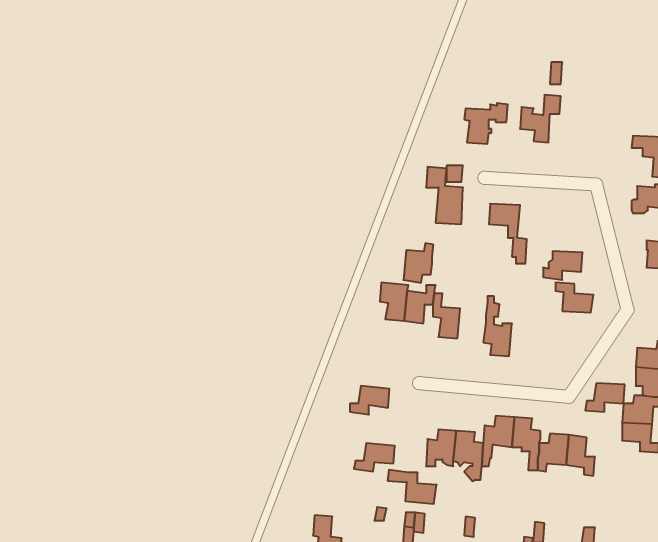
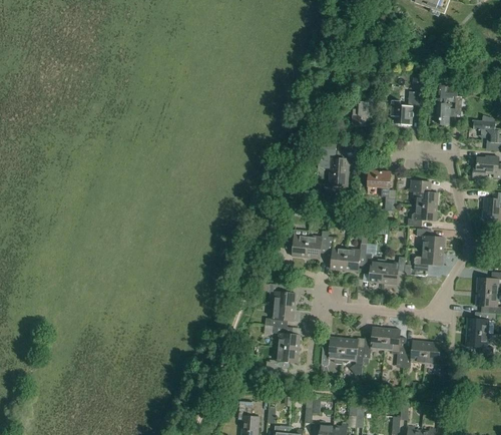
building: none -> [436,85,462,126]
building: none -> [411,179,439,207]
building: [403,243,433,283] -> [345,244,367,273]
building: none -> [383,258,405,286]
building: none -> [269,285,297,308]
building: [585,383,625,412] -> [414,251,443,272]
building: [388,470,437,504] -> [265,325,301,350]

